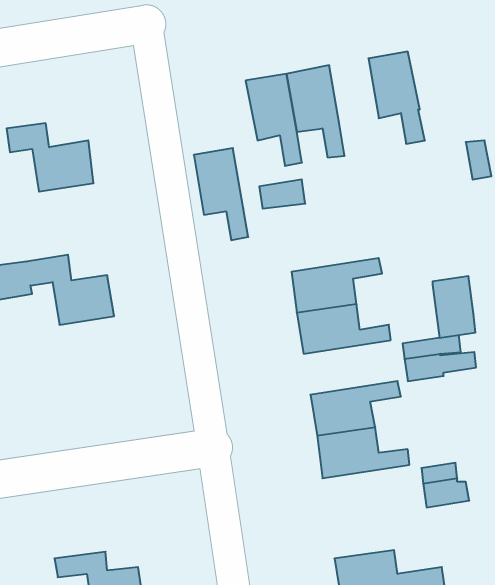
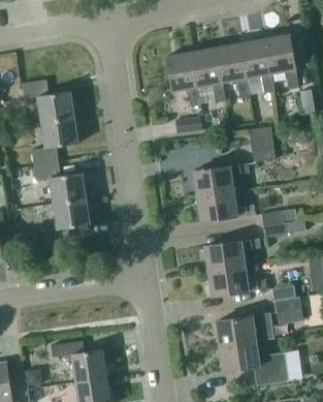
building: none -> [264,34,298,90]
building: [194,148,248,240] -> [217,42,250,98]
building: none -> [31,118,78,165]
building: [433,276,475,338] -> [249,126,274,163]
building: none -> [43,198,90,246]
building: none -> [217,313,272,345]

